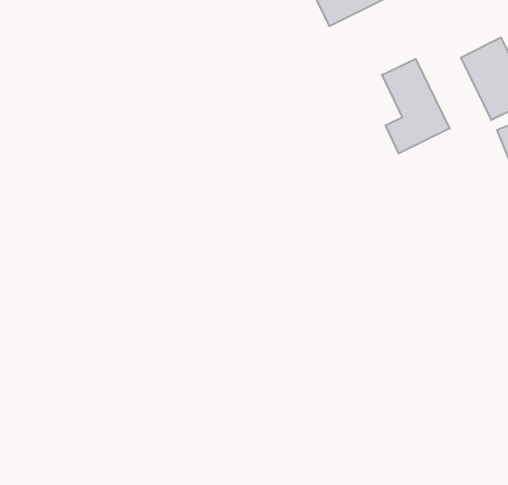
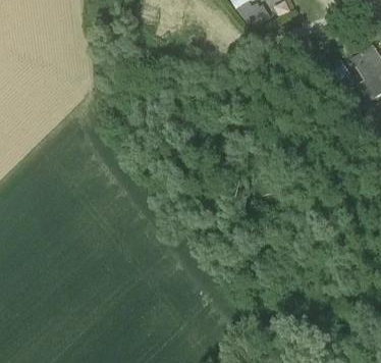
building: [382,59,450,154] -> none

